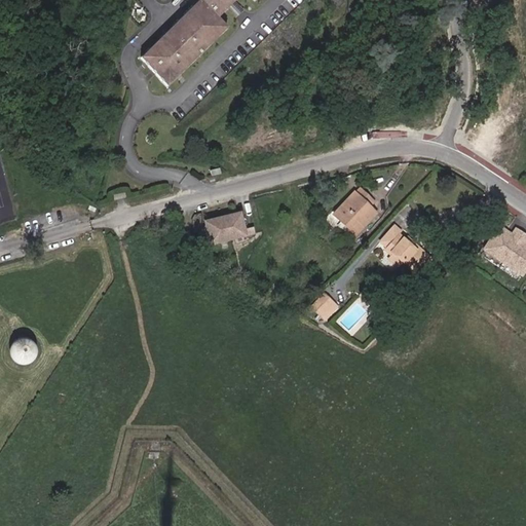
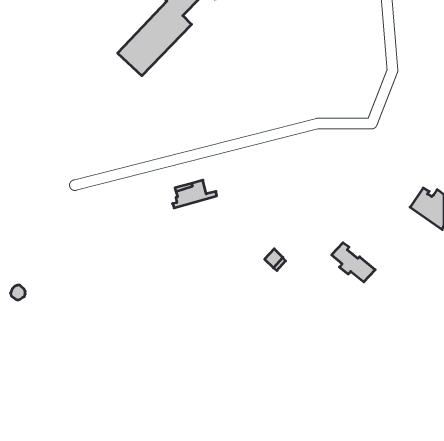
building: [334,187,376,228] -> none
building: [381,225,433,271] -> [332,243,375,282]

